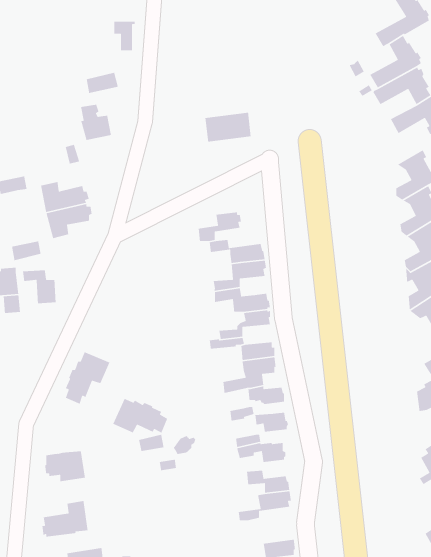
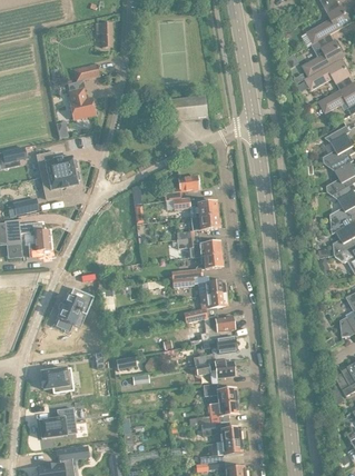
building: [112,398,168,434] -> none
building: none -> [204,422,241,443]

